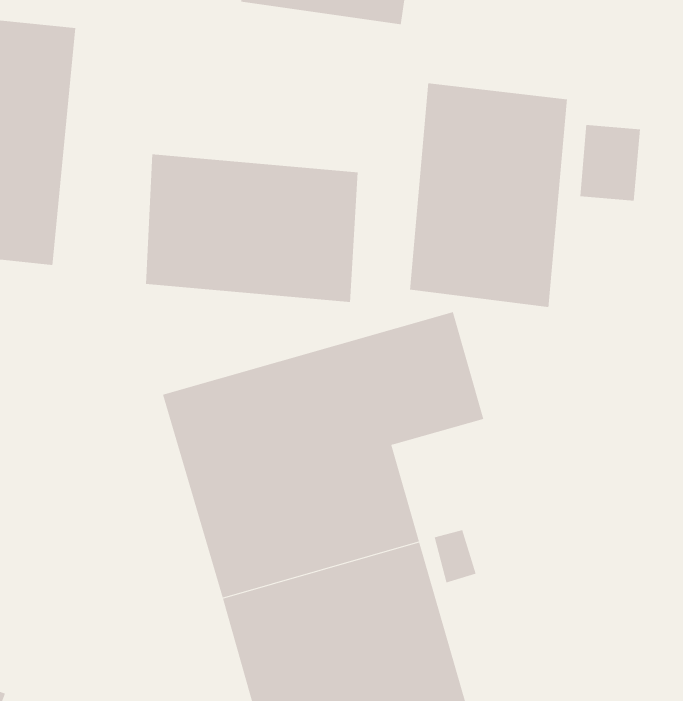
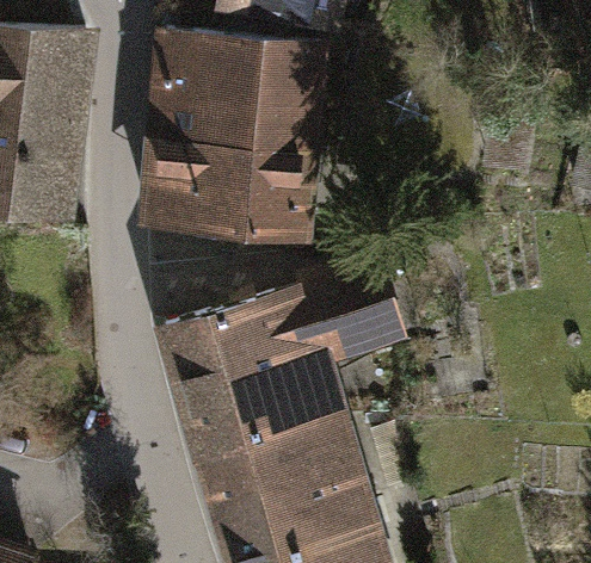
building: none -> [147,31,327,149]
building: [410,82,567,308] -> none

